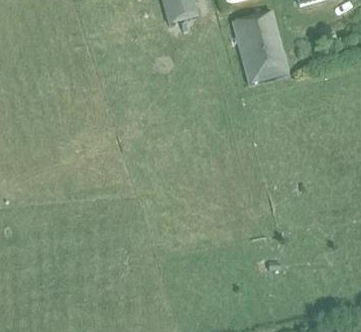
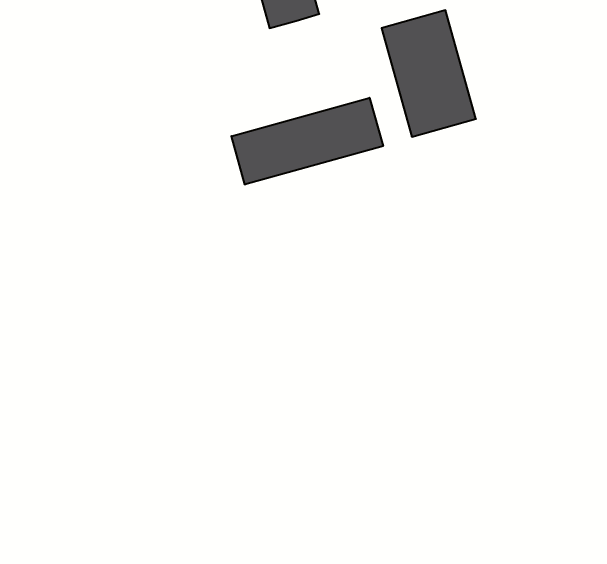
building: none -> [231,98,383,185]

